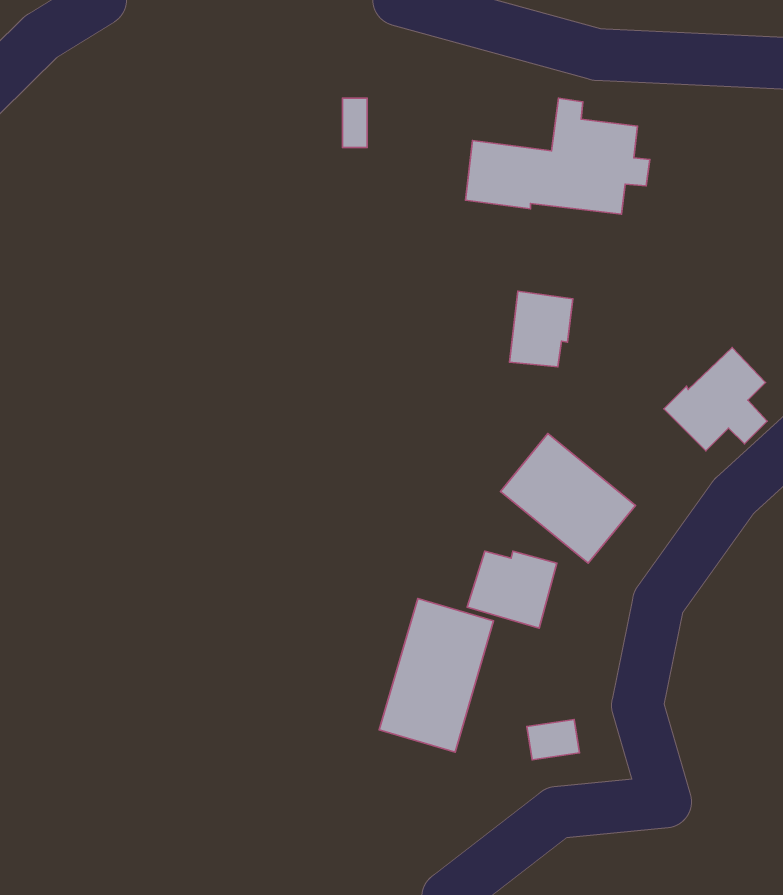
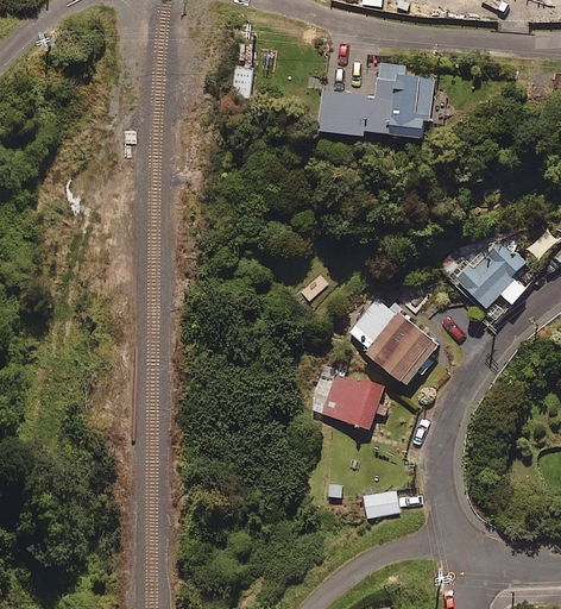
building: [509,291,573,367] -> none
building: [379,599,494,752] -> none

